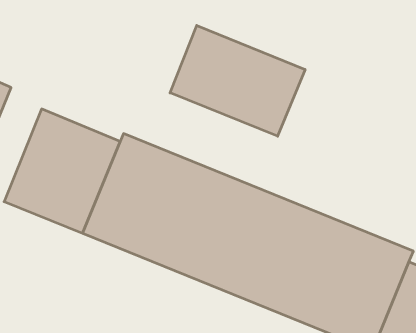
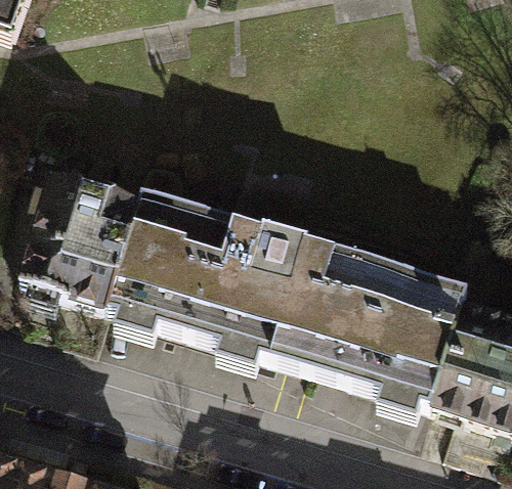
building: [170,25,305,136] -> none

